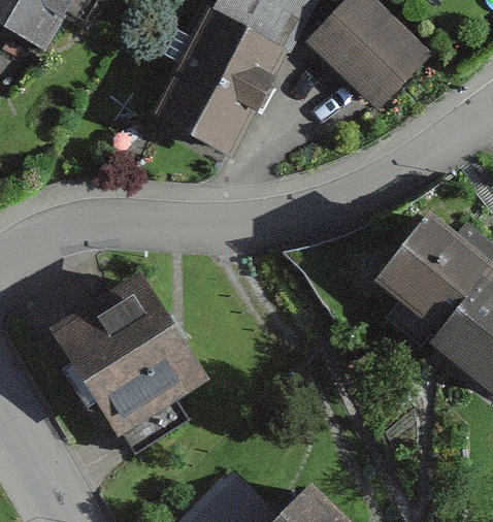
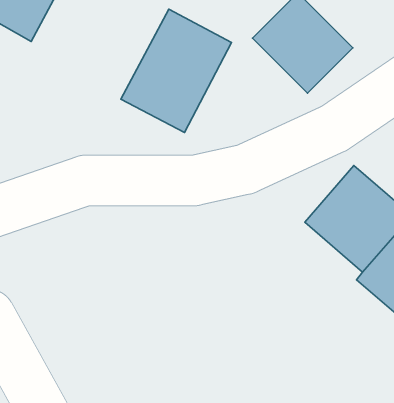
building: [51,274,208,438] -> none

